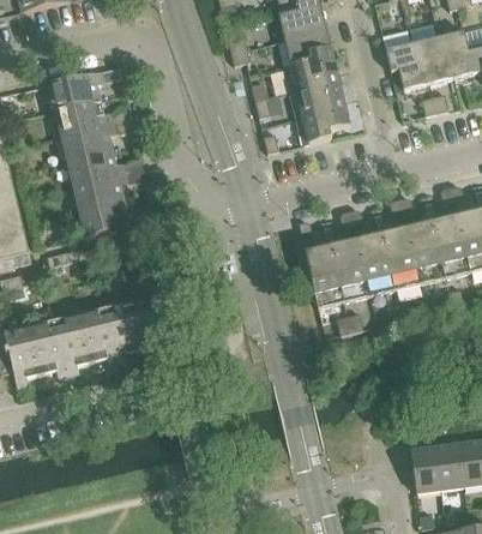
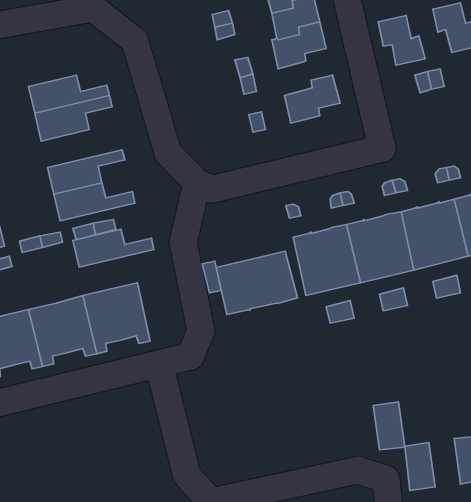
building: [411,35,454,82] -> none
building: [48,65,121,108] -> none
building: [290,72,342,116] -> none
building: [66,149,143,185] -> [73,229,154,267]
building: none -> [216,251,298,315]
building: [433,442,463,487] -> [373,402,405,450]

